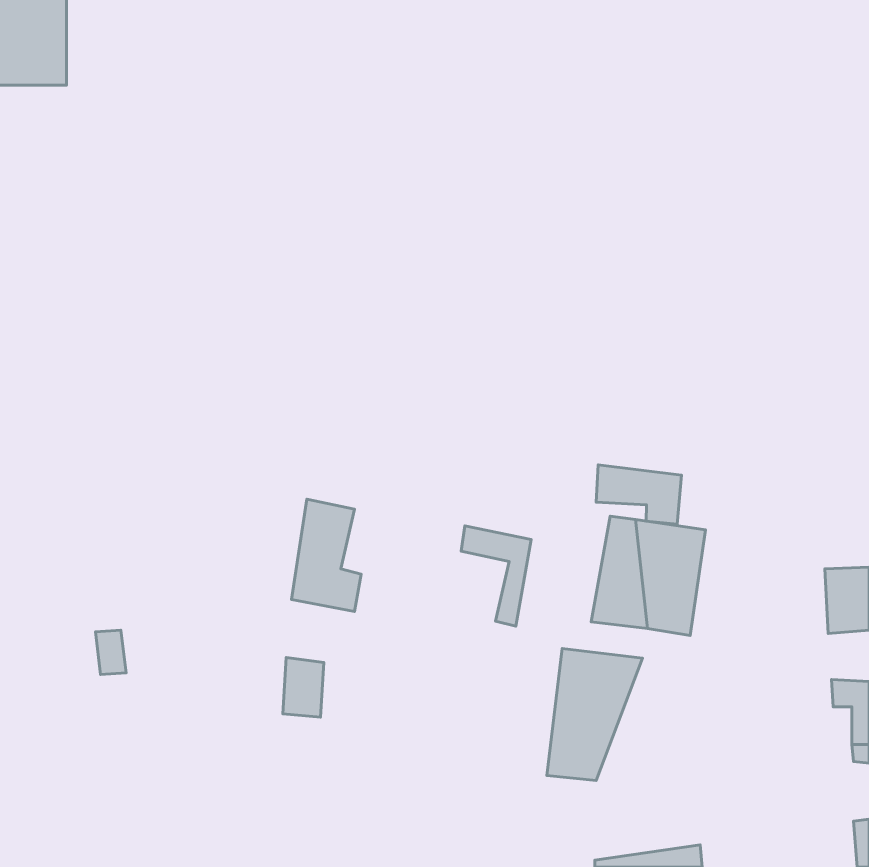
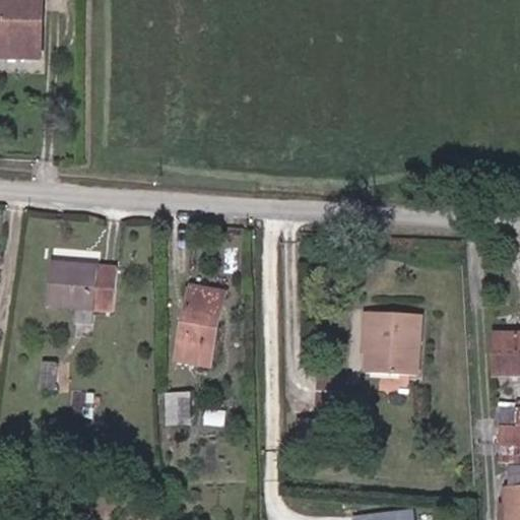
building: none -> [55,270,123,317]
building: [596,465,681,524] -> none
building: [461,526,531,626] -> [183,282,224,342]
building: [547,648,643,781] -> none

